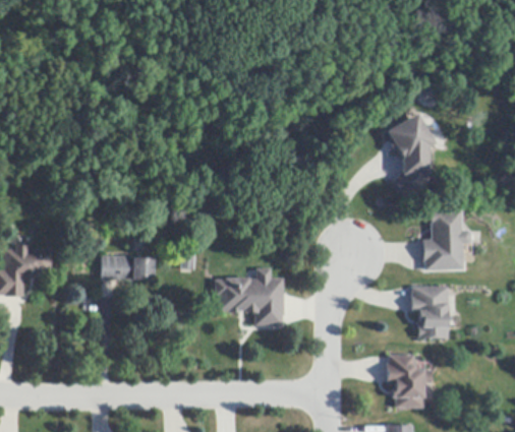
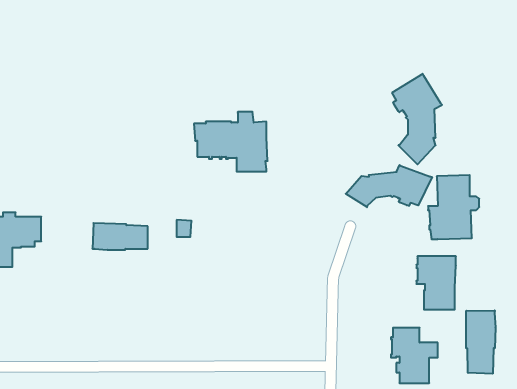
building: none -> [346,165,432,207]
building: [216,267,286,324] -> [194,112,268,172]
building: none -> [466,310,495,374]

